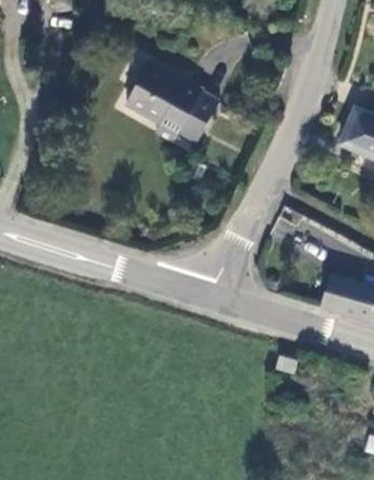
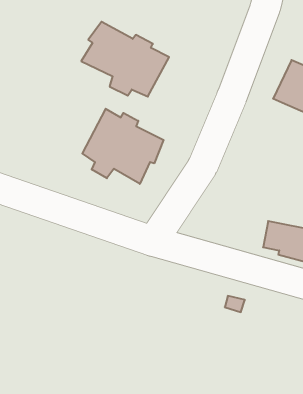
building: none -> [82,109,164,184]

